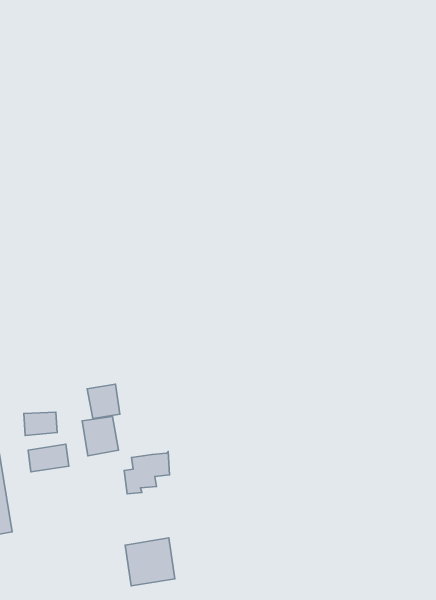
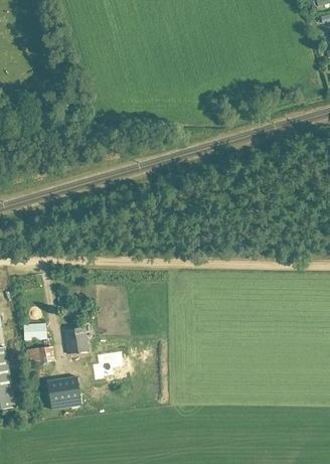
building: [87,384,120,418] -> none
building: [125,538,175,586] -> [44,374,78,408]

